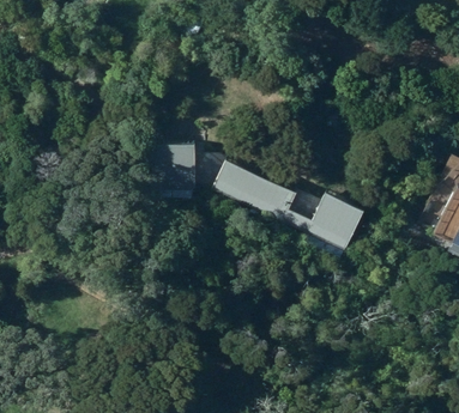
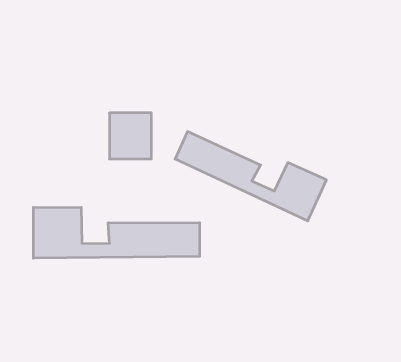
building: none -> [33,207,200,258]

